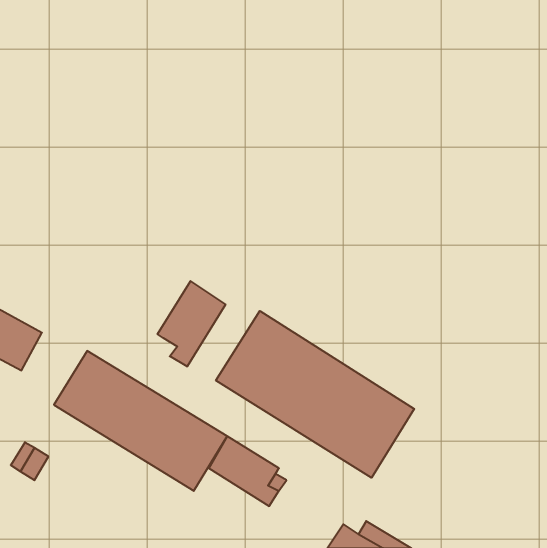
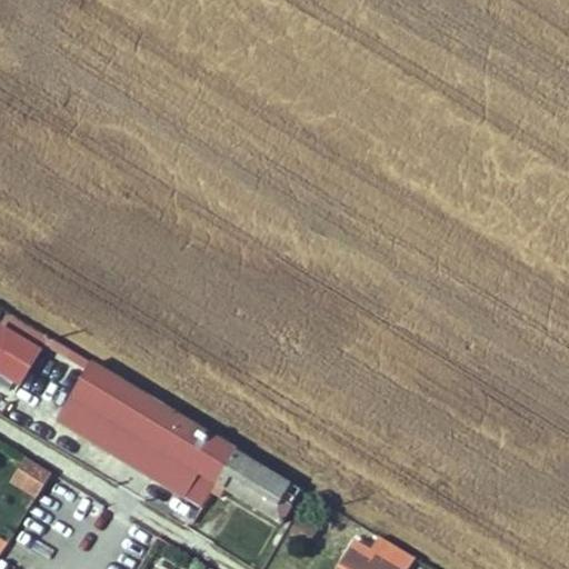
building: [158,281,225,367] -> none
building: [216,311,414,478] -> none

